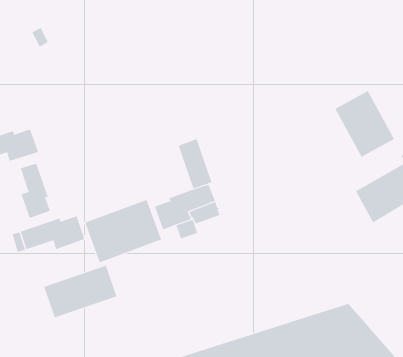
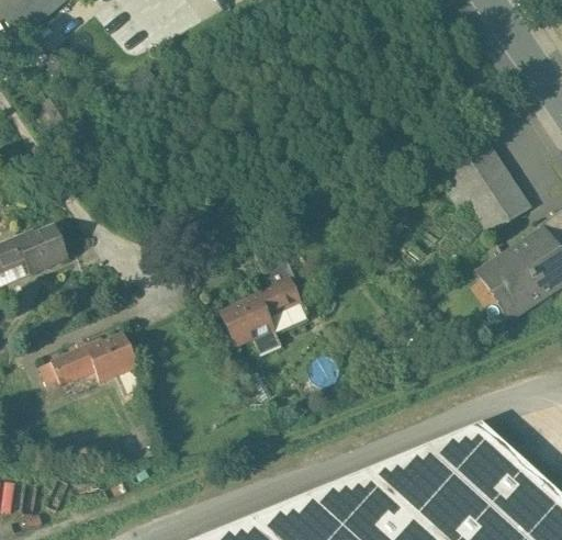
building: [20,163,51,219] -> none
building: [85,199,162,263] -> none
building: [44,265,117,318] -> none

